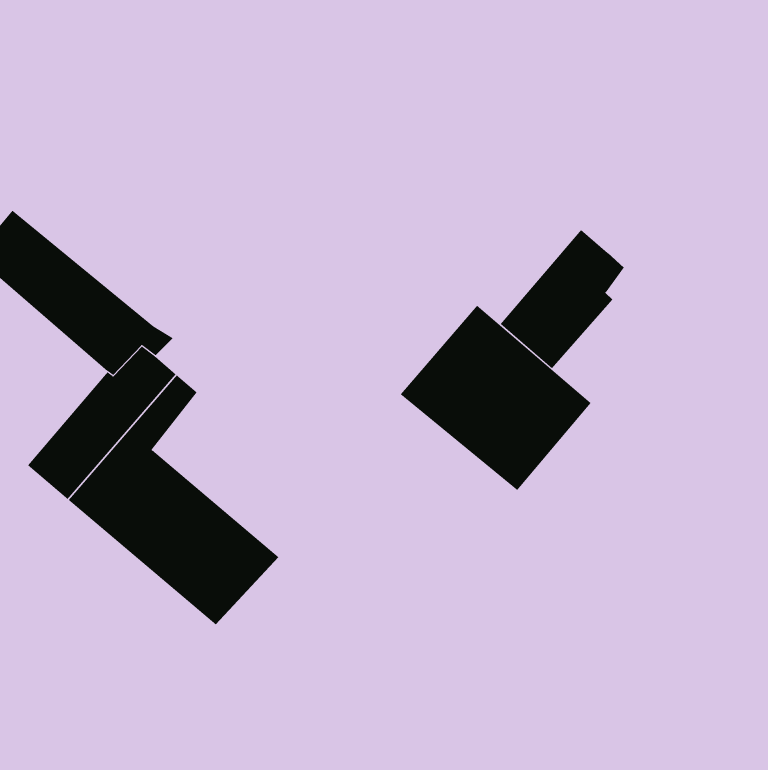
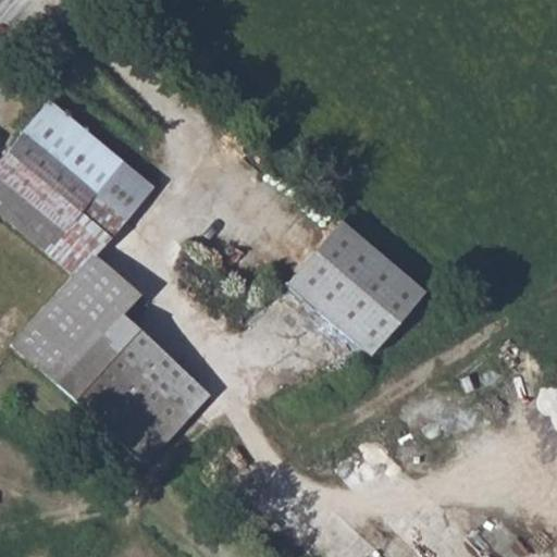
building: none -> [9,103,149,236]
building: [500,229,625,369] -> none

